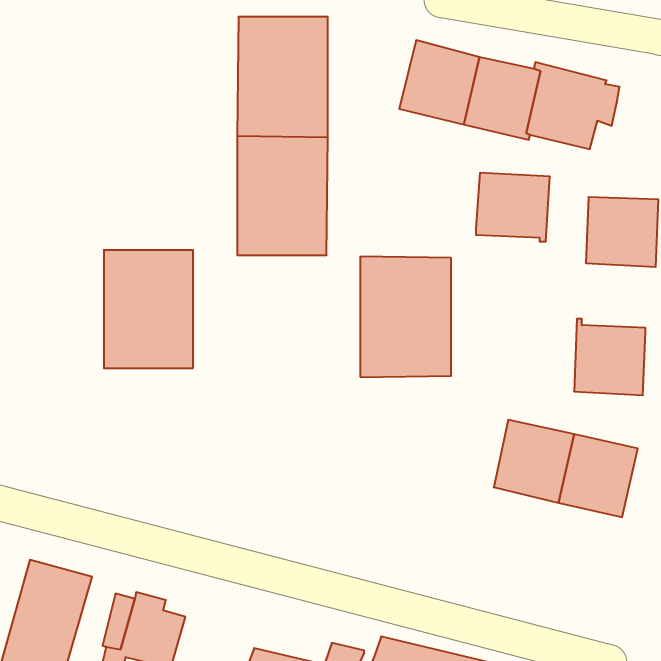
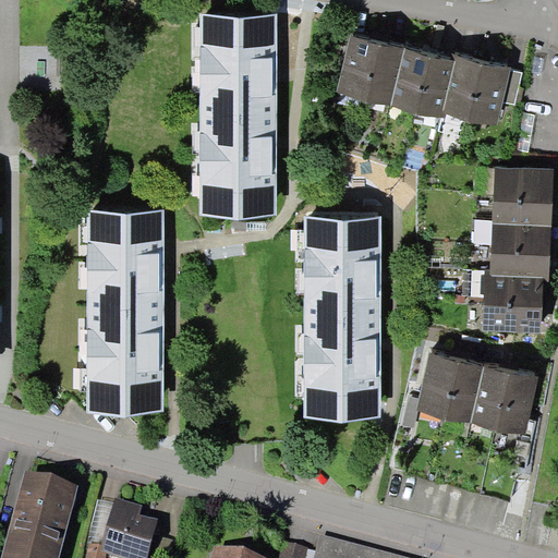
building: [476,173,550,241] -> [489,222,551,280]
building: none -> [86,311,162,413]
building: none -> [303,317,379,420]

